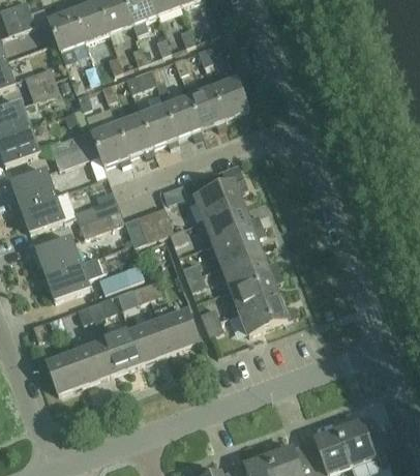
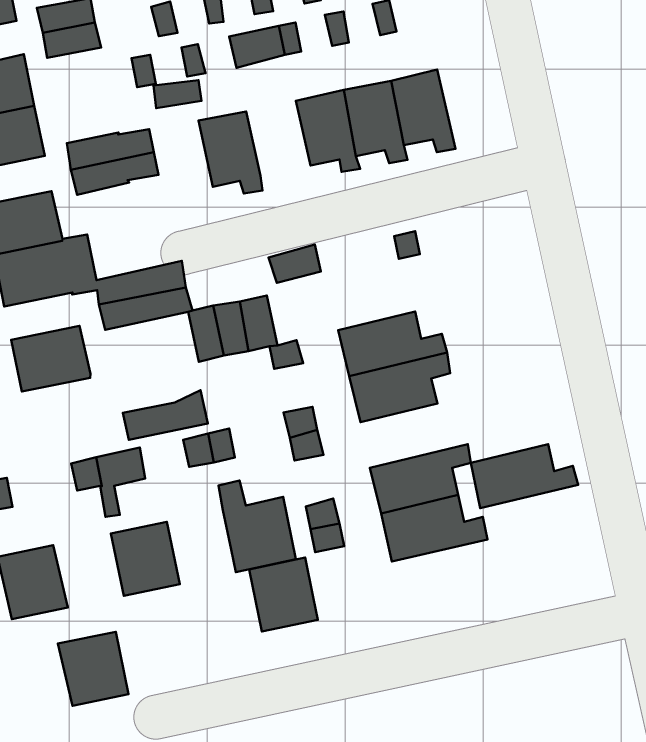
building: [139,105,178,147] -> none
building: [87,119,129,165] -> none
building: [194,177,246,219] -> none
building: [221,249,278,288] -> [471,444,578,508]
building: [44,255,101,300] -> none
building: [129,321,169,362] -> [249,558,318,632]
building: [72,341,113,383] -> [58,632,129,706]

